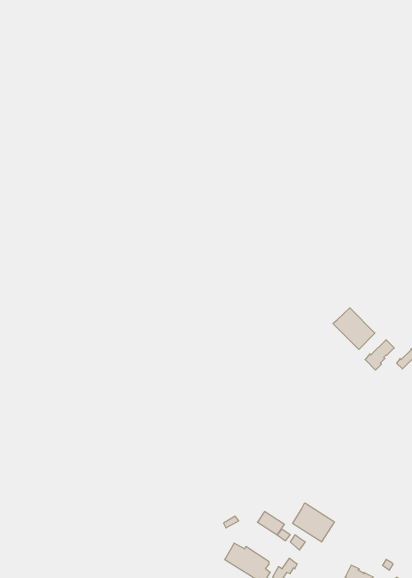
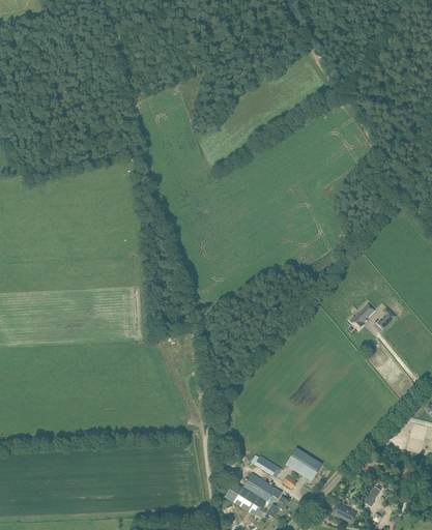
building: [333,308,375,349] -> none
building: none -> [243,472,282,503]

